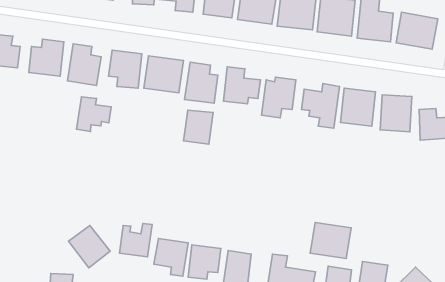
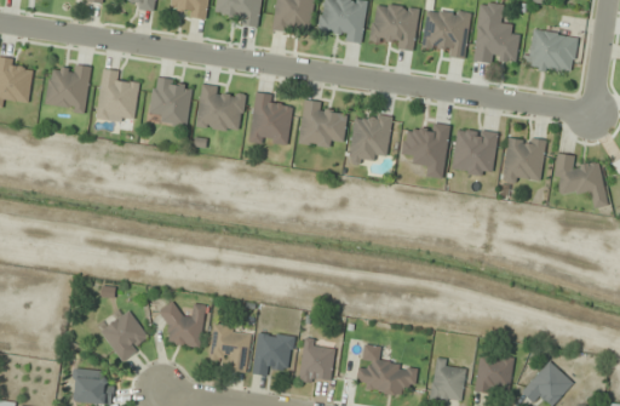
building: [77,97,111,131] -> none
building: [184,110,213,144] -> none
building: [310,222,351,259] -> none

